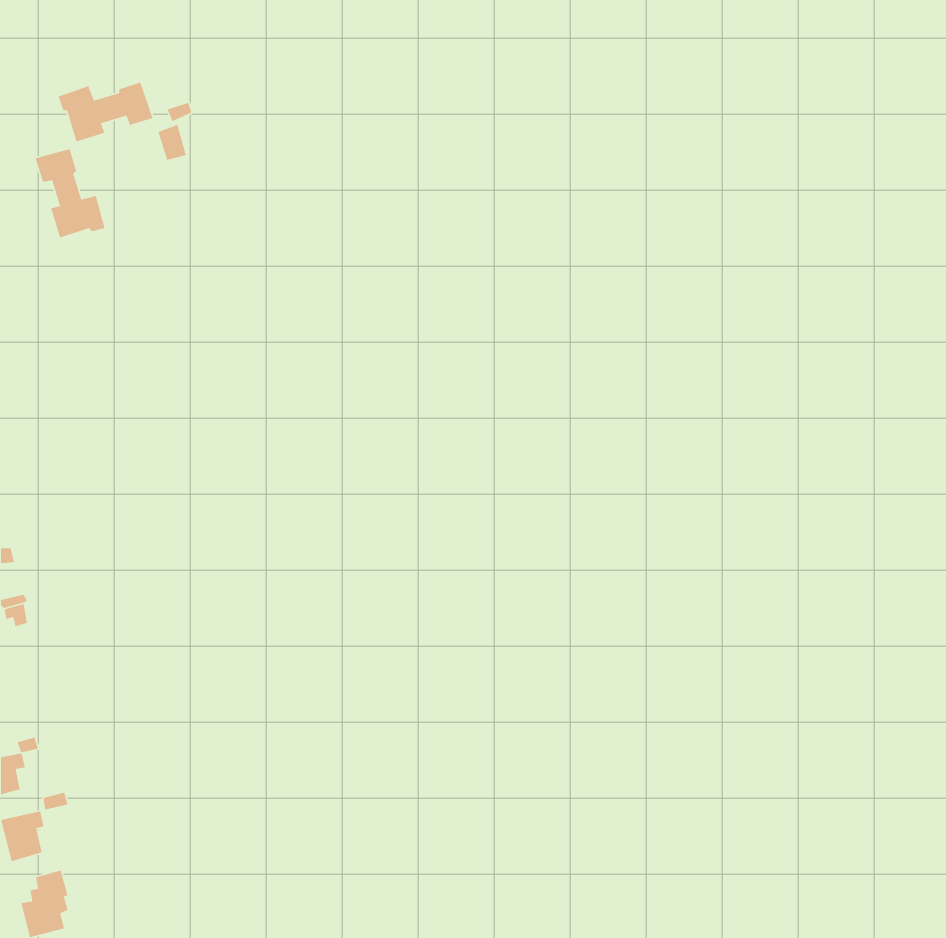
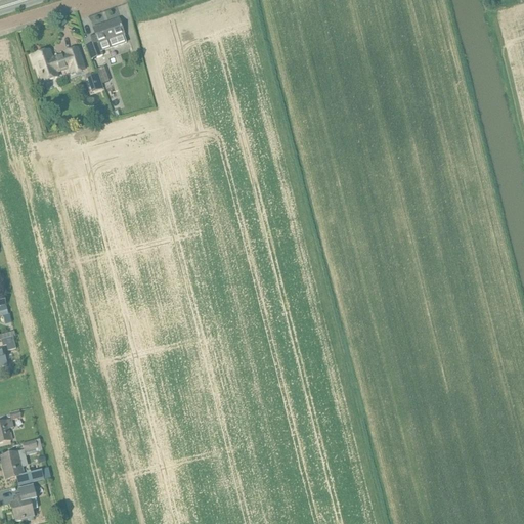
building: none -> [84,16,127,56]
building: [35,148,106,239] -> none

